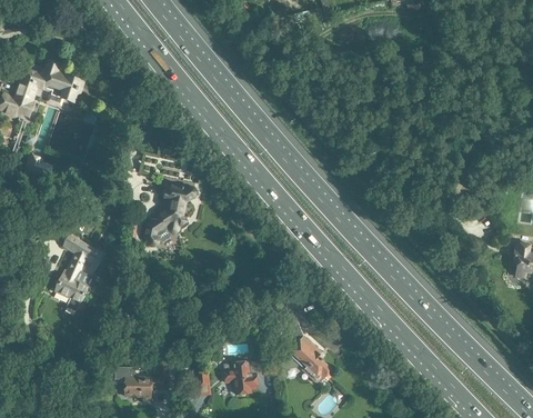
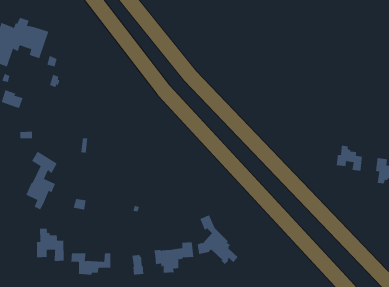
building: [143,182,194,246] -> none
building: none -> [336,145,362,171]
building: none -> [37,228,64,262]

